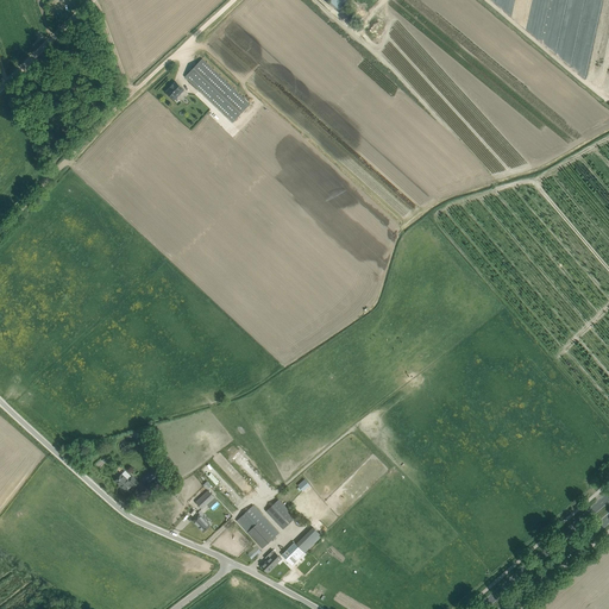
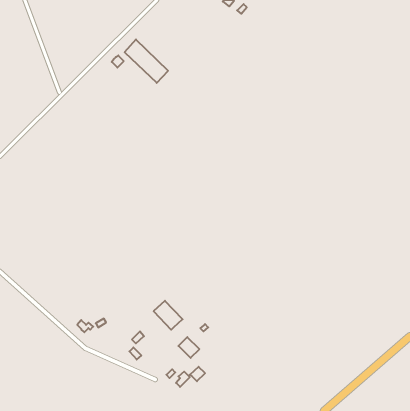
building: [236,506,278,548] -> [154,301,183,330]

